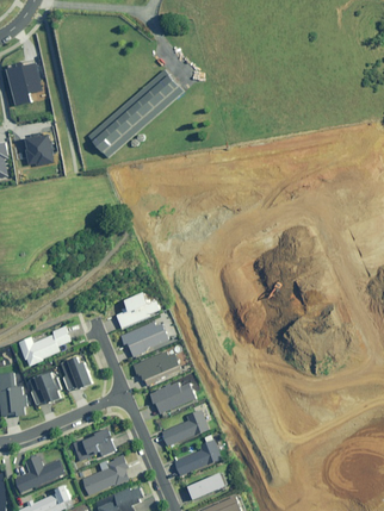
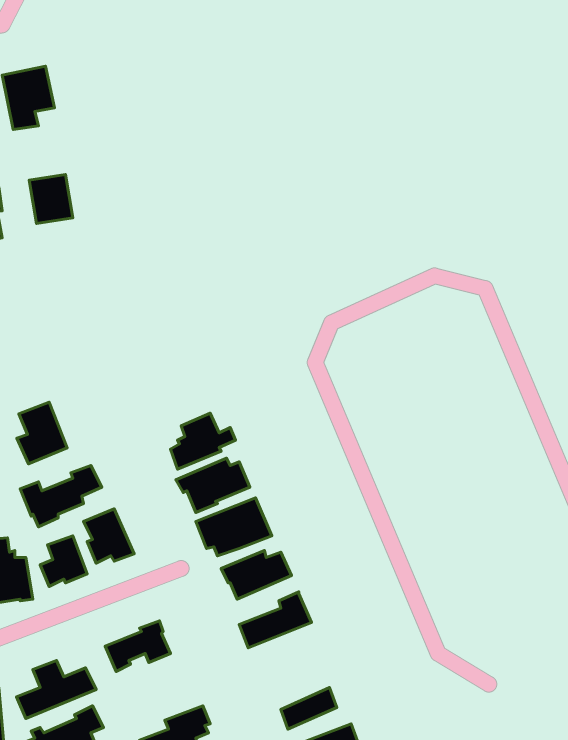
building: [89,70,184,157] -> none
building: none -> [17,402,67,464]
building: [175,438,222,475] -> none
building: [83,455,131,494] -> none

